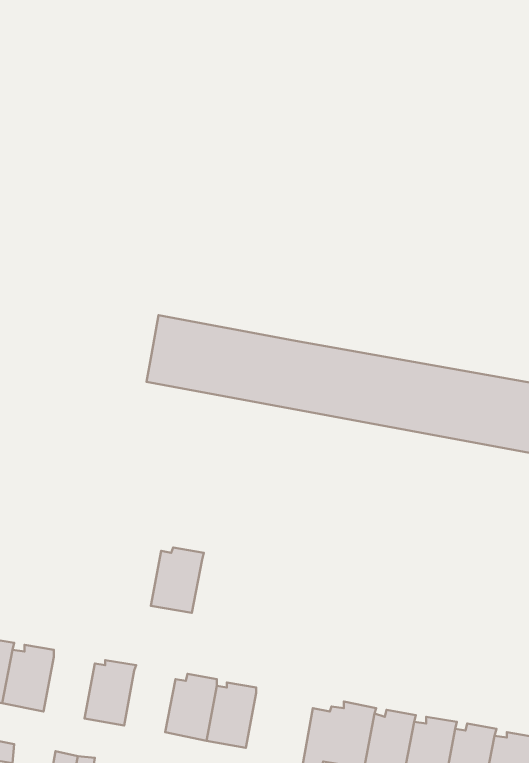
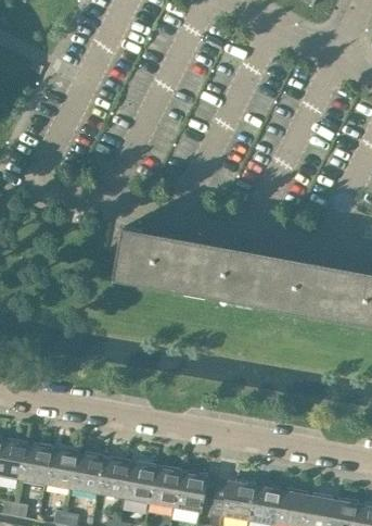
building: [151,548,204,613] -> [100,458,133,499]
building: none -> [49,449,82,490]
building: none -> [177,472,209,513]

